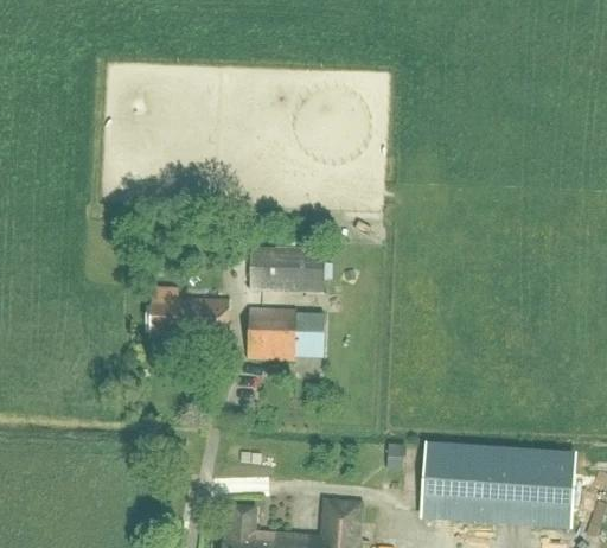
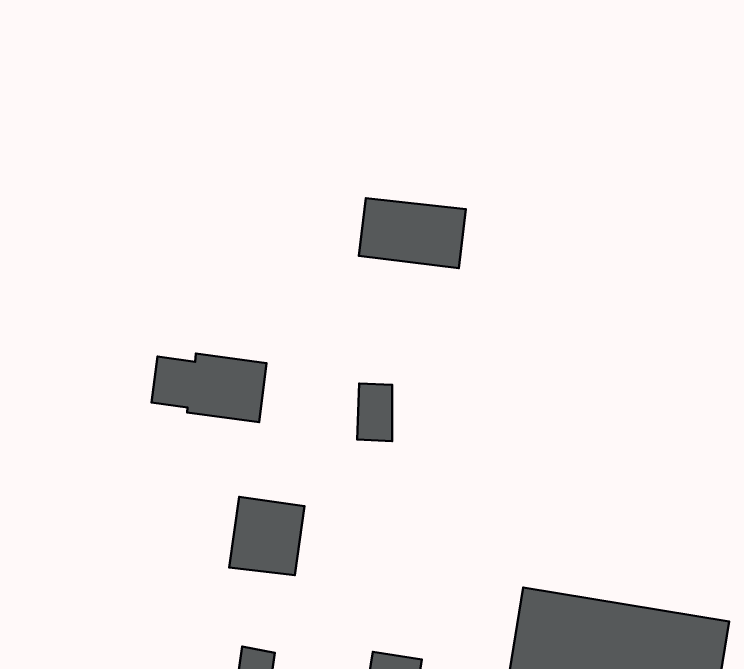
building: [248,248,321,292] -> [359,198,466,268]
building: [245,308,295,361] -> [229,497,305,575]

